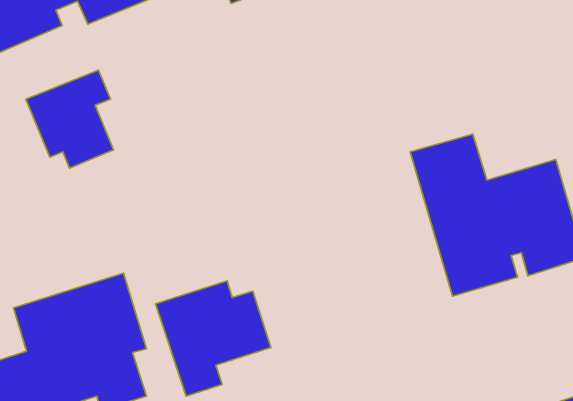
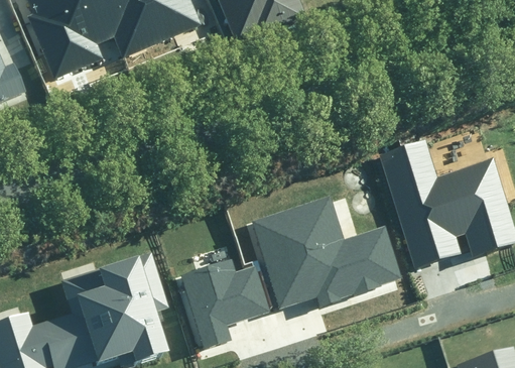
building: [26,70,113,168] -> none
building: none -> [253,195,403,308]

